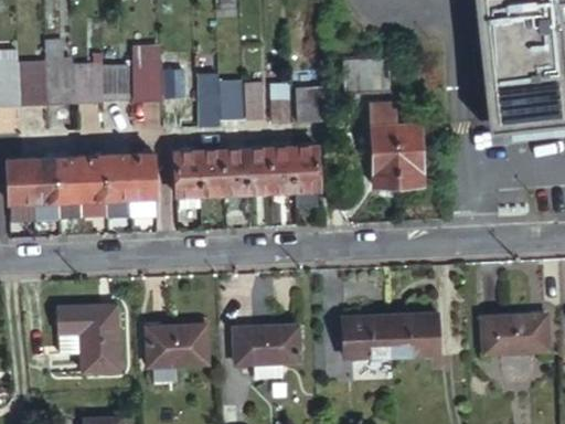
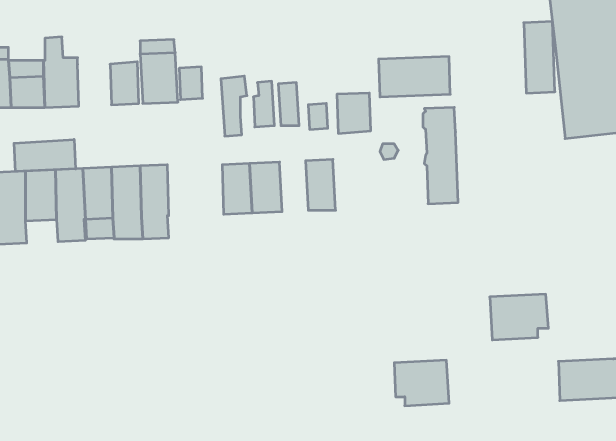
building: [77,65,106,102] -> none
building: [397,123,424,183] -> [524,21,555,93]
building: none -> [14,139,76,171]
building: [294,146,320,190] -> none
building: [248,148,273,191] -> none
building: [174,151,201,205] -> none
building: [61,306,119,371] -> none
building: [390,315,439,353] -> [490,294,548,340]
building: [146,320,207,368] -> none
building: [234,326,299,378] -> none

